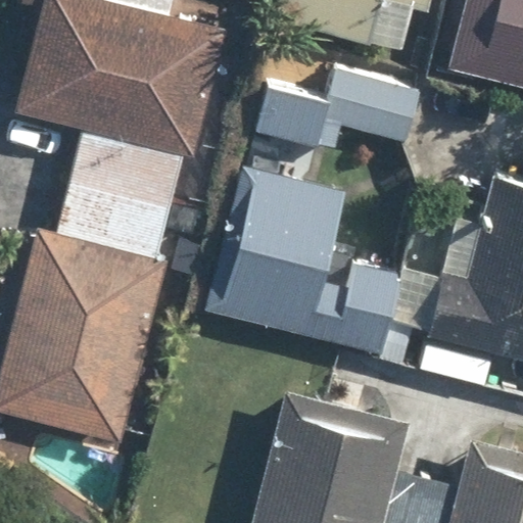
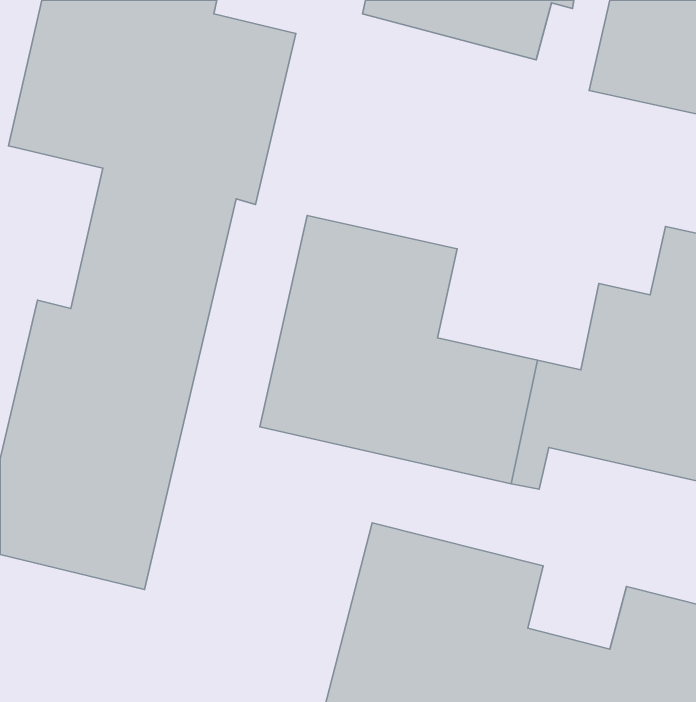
building: [256,49,425,152] -> none

